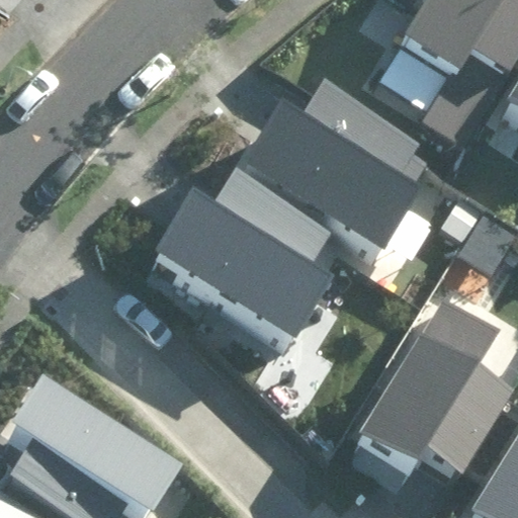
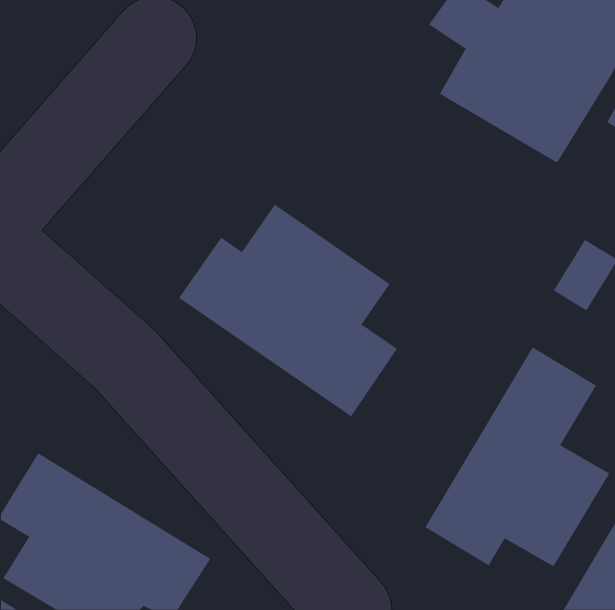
building: [241,82,429,248] -> none

